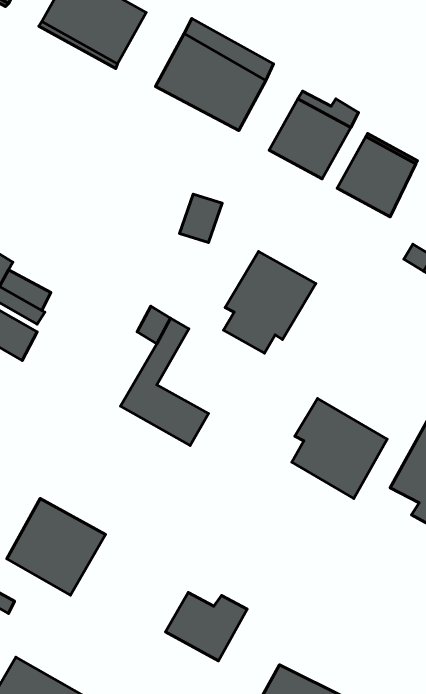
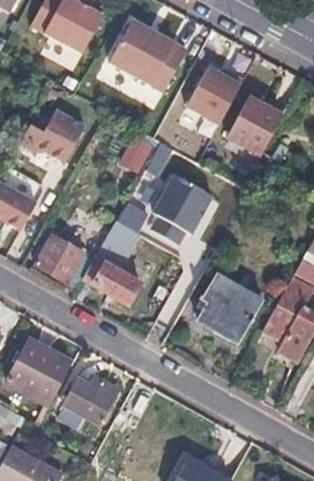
building: none -> [20,108,85,161]
building: none -> [35,233,85,281]
building: [165,593,247,661] -> [65,378,119,423]

